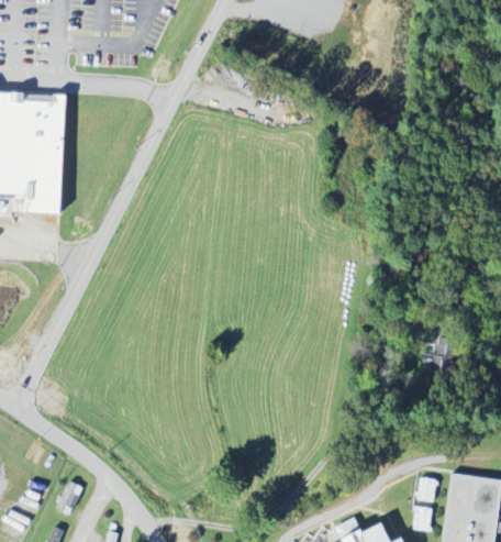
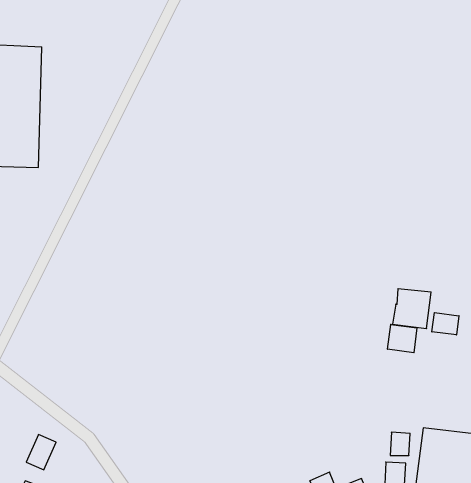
building: none -> [432,313,459,335]
building: none -> [388,324,417,353]

